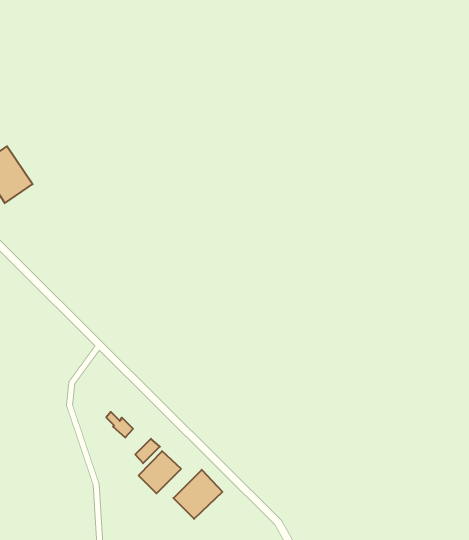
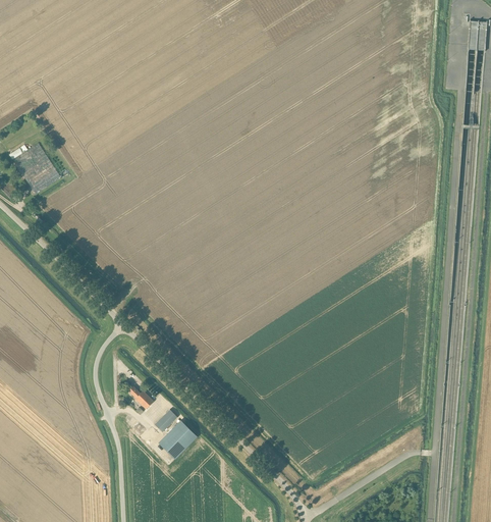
building: [173,470,222,519] -> none

